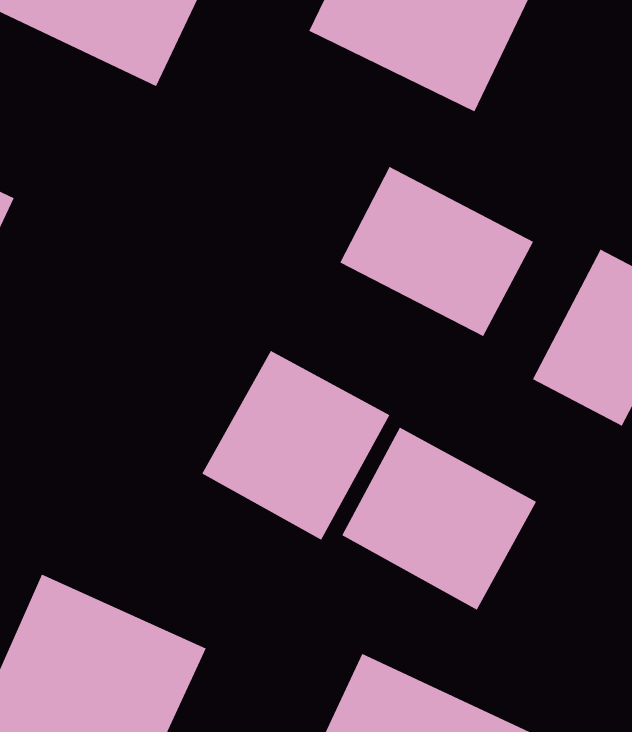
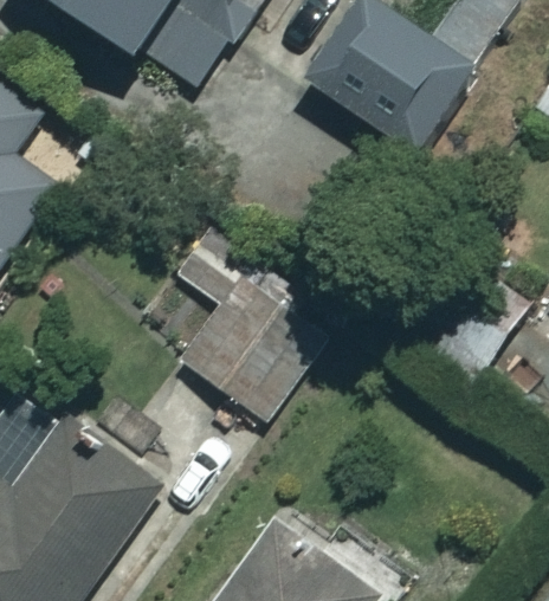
building: [339,166,534,337] -> none
building: [341,426,537,611] -> none

